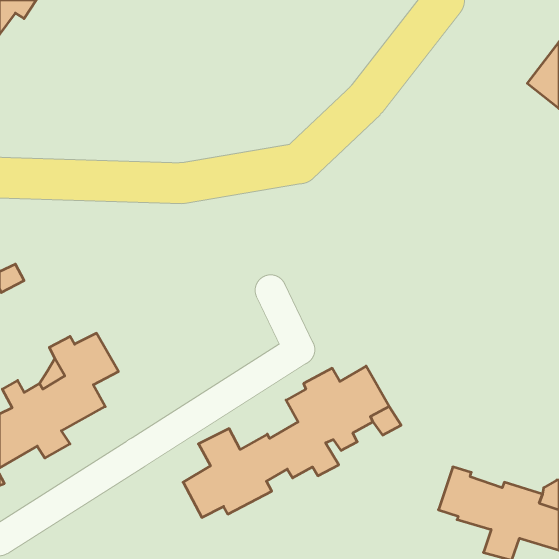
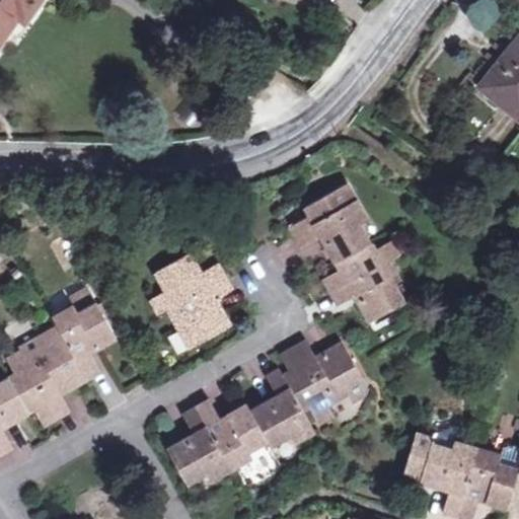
building: none -> [286,184,394,322]
building: none -> [156,260,239,349]

